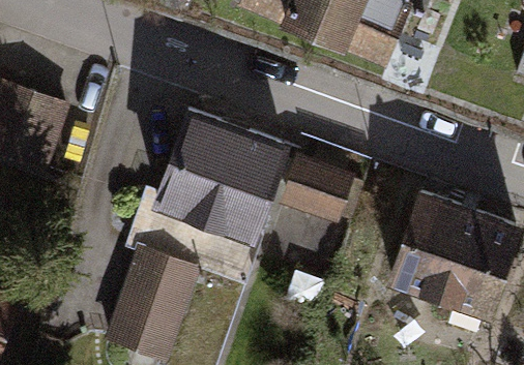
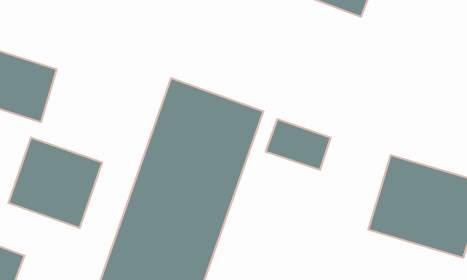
building: none -> [8,137,102,228]

